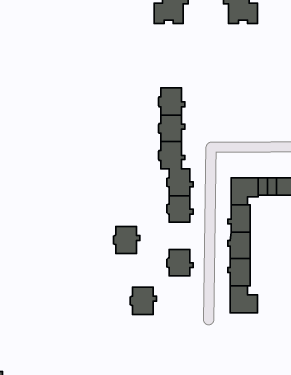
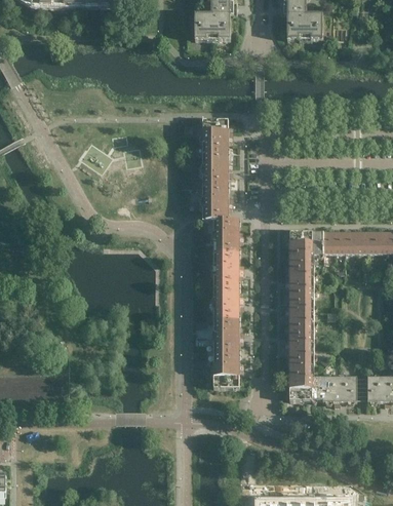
building: [113,226,140,254] -> [209,286,242,320]
building: [130,287,156,314] -> [209,353,242,387]
building: none -> [322,377,356,405]

